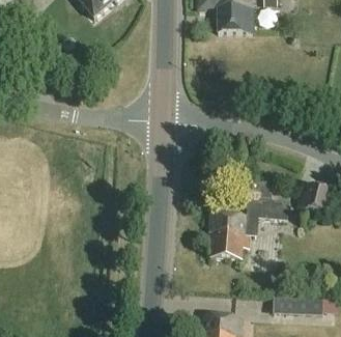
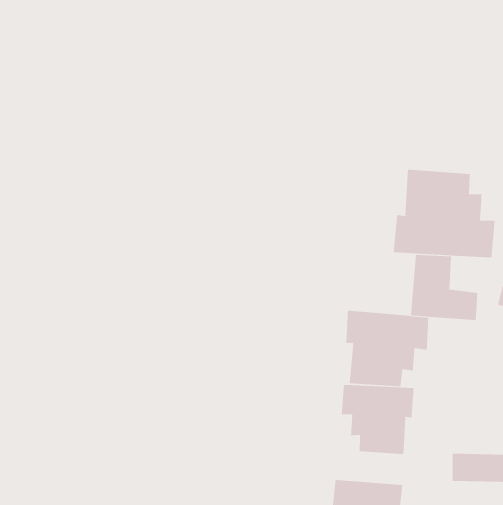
building: none -> [393,169,495,258]
building: none -> [341,384,414,455]

